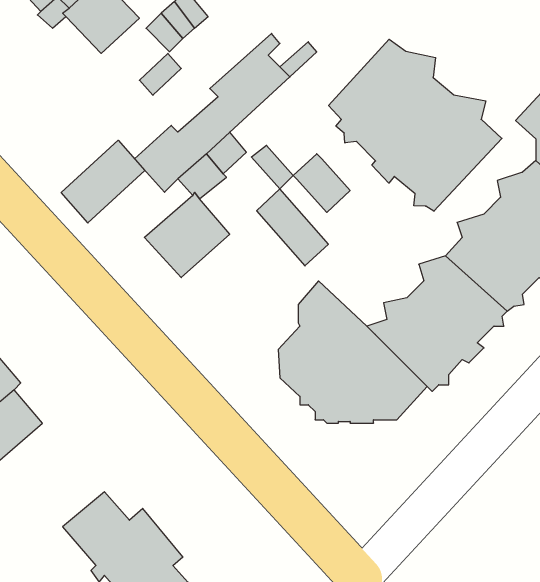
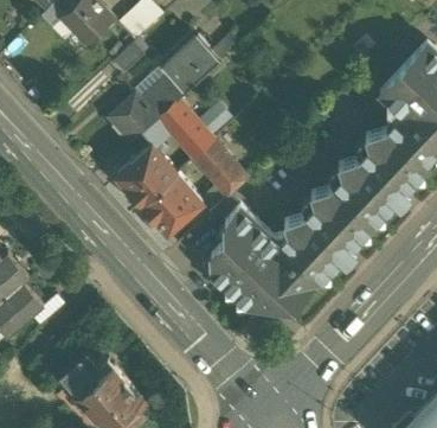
building: [329,39,502,211] -> none
building: [61,140,145,223] -> none
building: [293,154,350,212] -> [172,114,212,155]
building: none -> [142,172,203,231]

